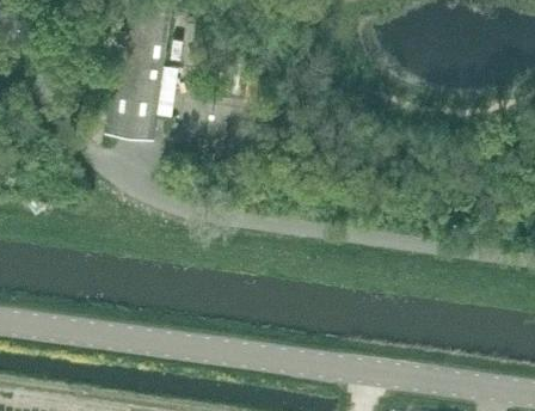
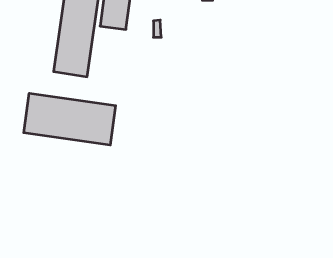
building: none -> [24,93,116,145]

